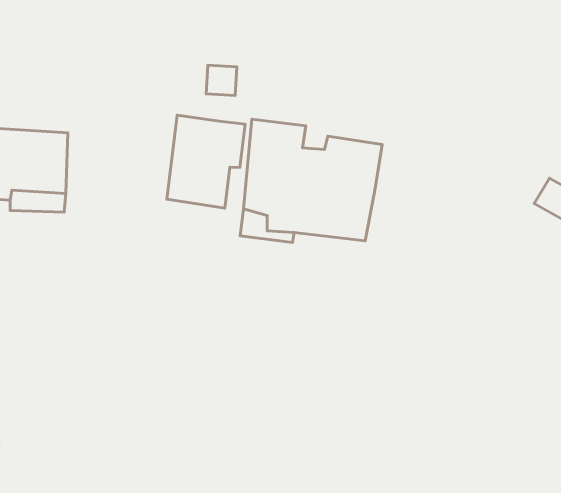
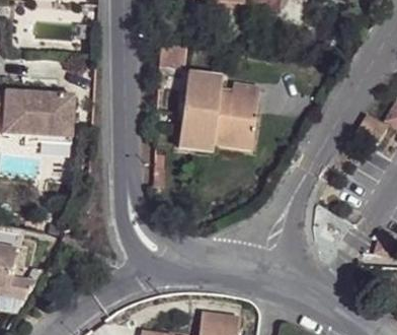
building: [167,115,245,208] -> none

